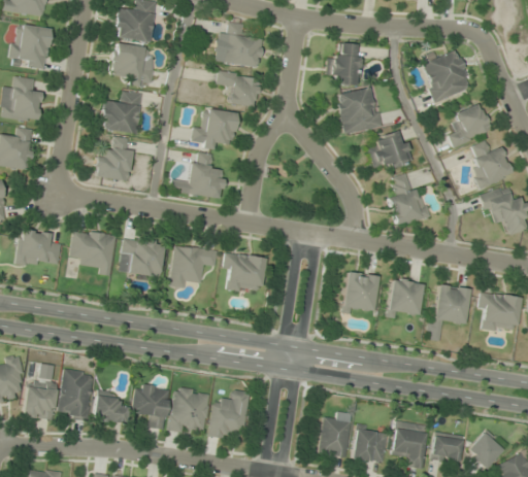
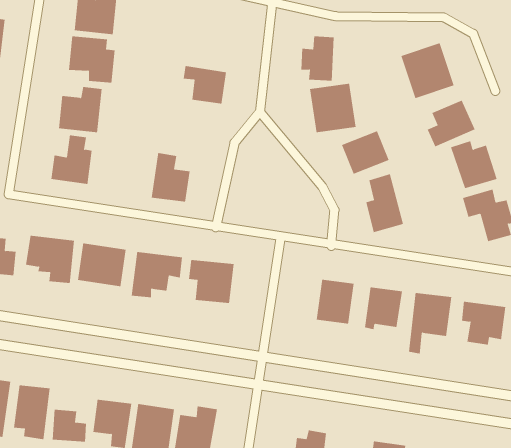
building: [213,23,264,69] -> none
building: [192,108,237,149] -> none

